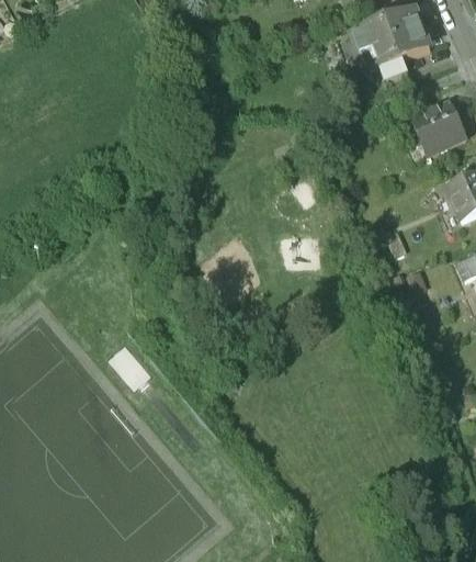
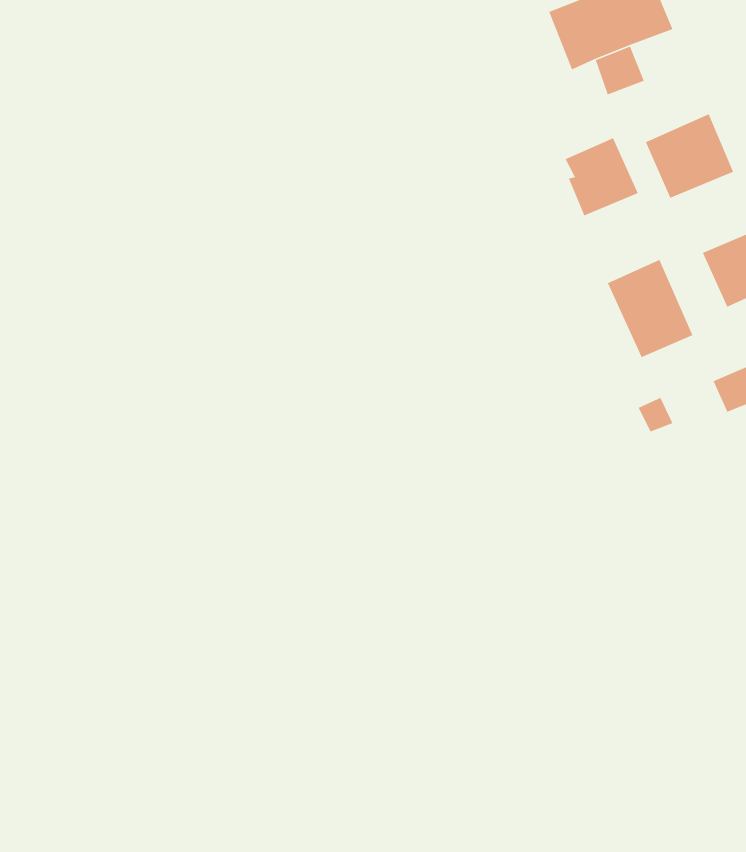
building: none -> [565,137,639,217]
building: none -> [607,259,693,358]

